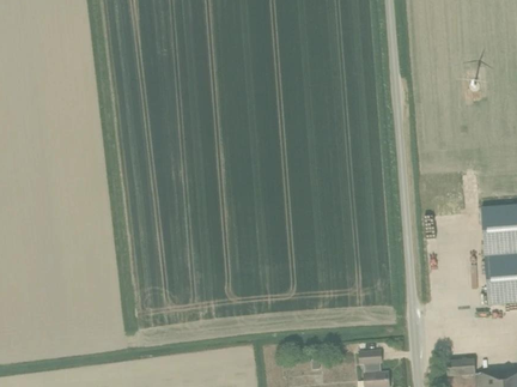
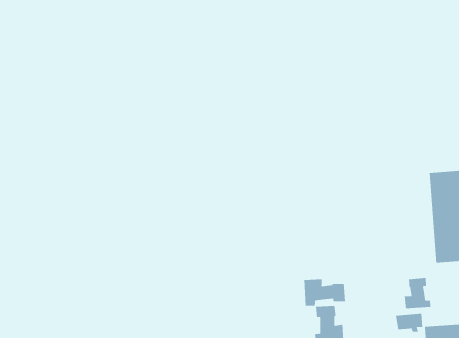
building: none -> [404,277,431,309]
building: none -> [304,278,346,307]

